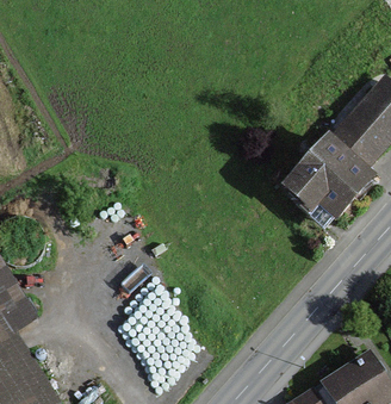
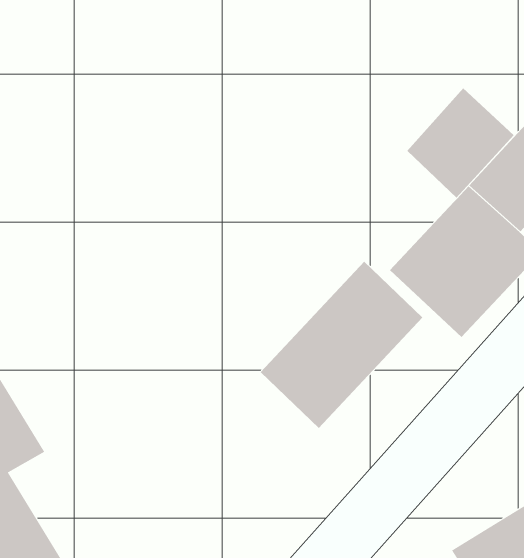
building: none -> [406,87,515,199]
building: none -> [260,261,423,429]

